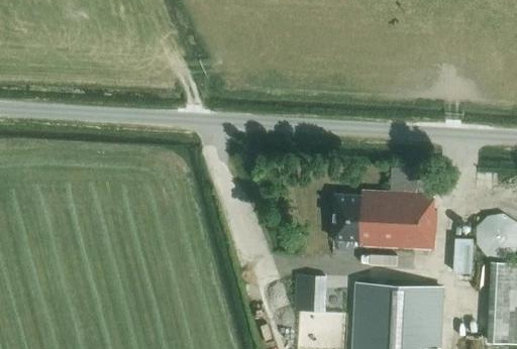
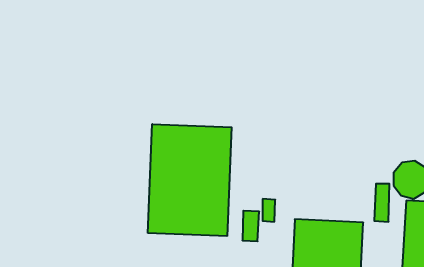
building: none -> [148,124,232,236]
building: [334,172,437,248] -> none

